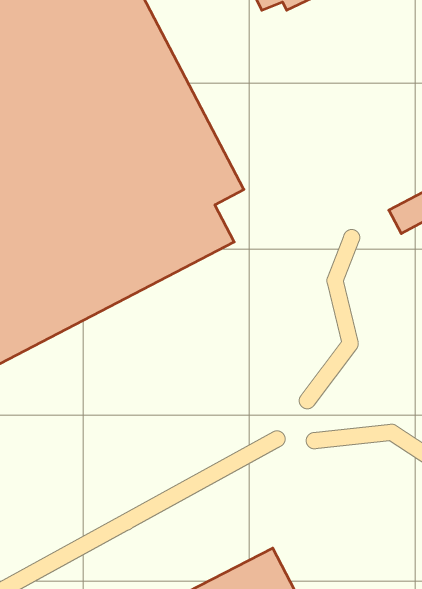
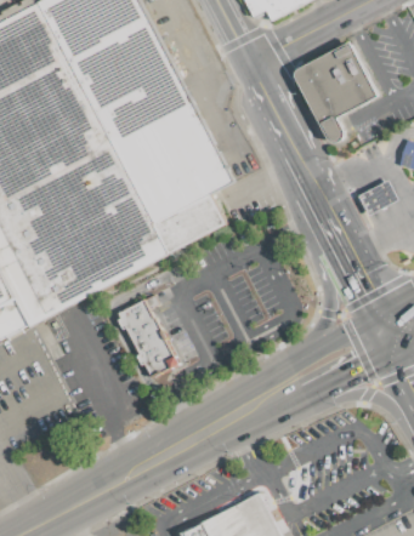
building: none -> [290,41,376,144]
building: none -> [115,295,176,378]

